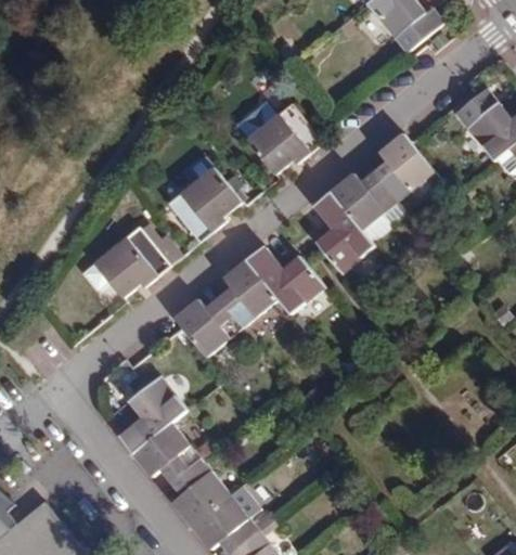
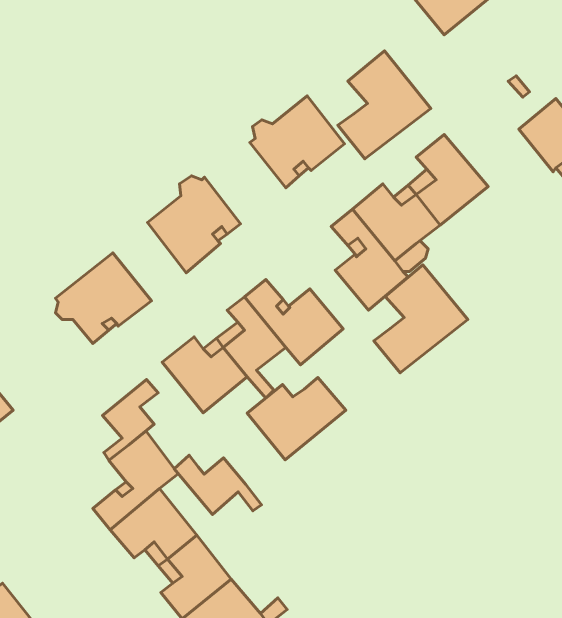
building: none -> [338,51,431,159]
building: none -> [374,265,468,373]
building: none -> [247,377,346,460]
building: none -> [102,379,158,460]
building: none -> [174,455,262,514]

